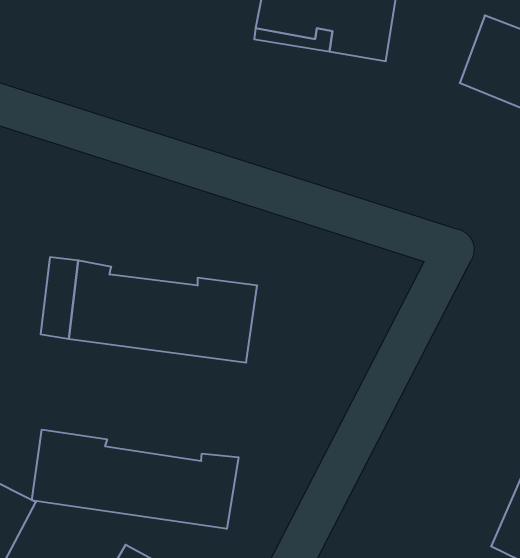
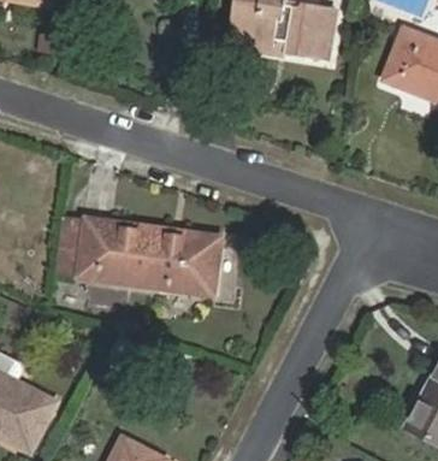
building: [32,430,239,529] -> none

